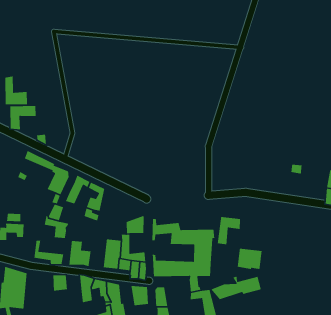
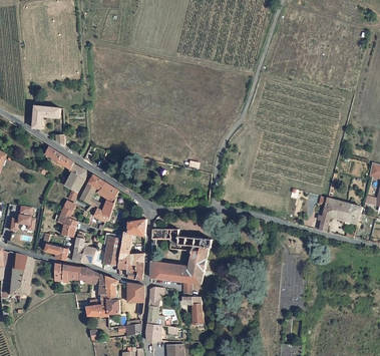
building: [4,76,28,105] -> none
building: [217,216,241,245] -> none
building: [237,248,263,270] -> none
building: [210,276,262,300] -> none

